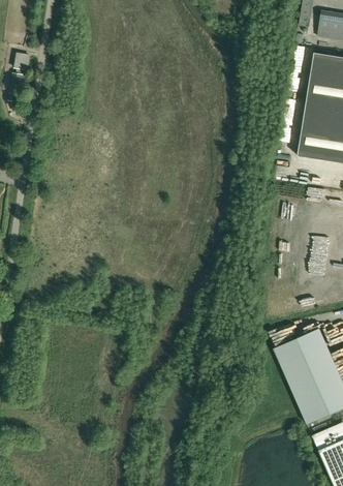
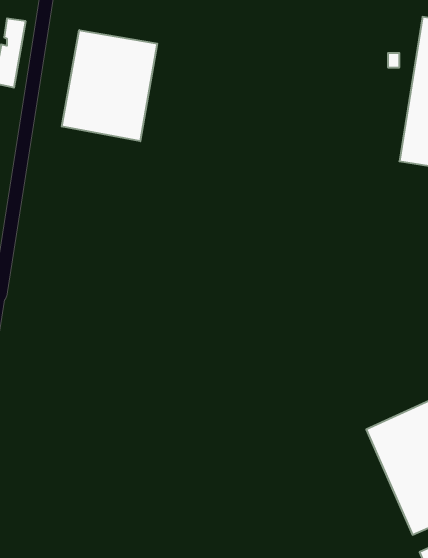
building: none -> [62,30,157,141]

